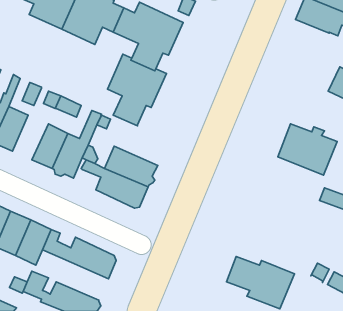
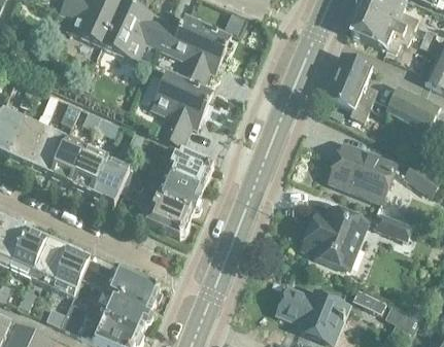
building: none -> [325,55,377,123]
building: none -> [49,137,88,184]
building: none -> [158,146,213,190]
building: none -> [302,208,366,269]
building: none -> [94,288,151,334]

